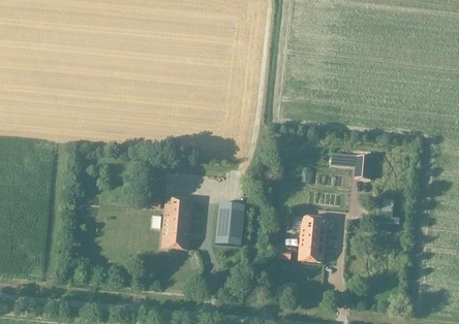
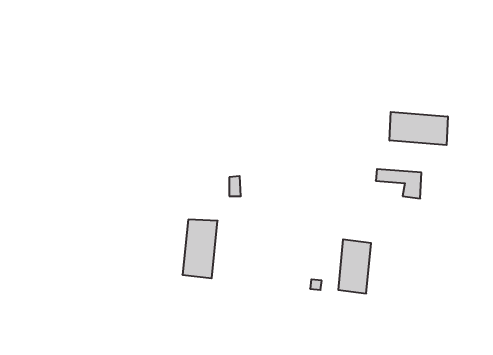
building: none -> [390,112,448,145]
building: [214,203,243,247] -> none

